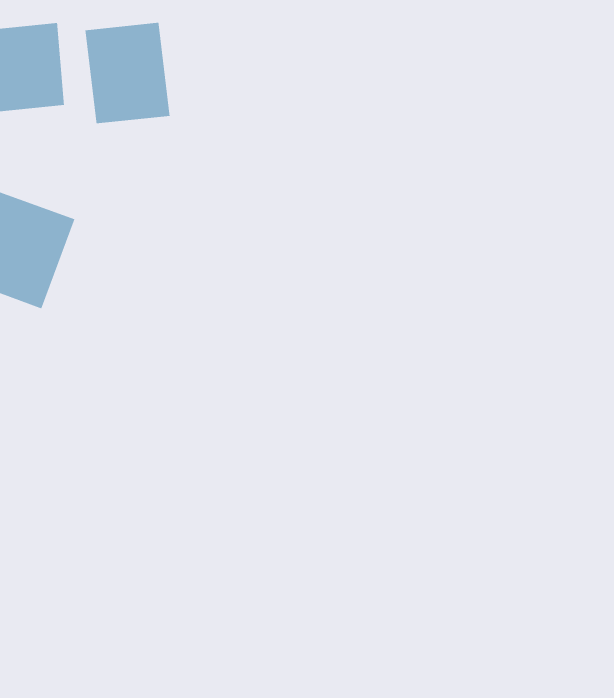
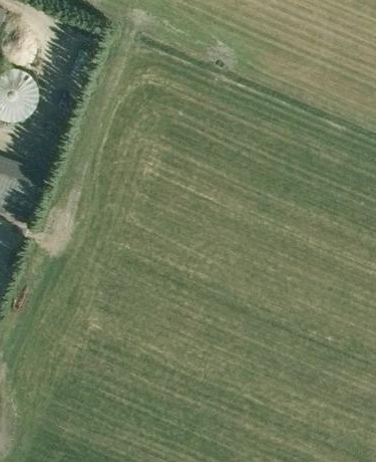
building: [85,22,170,124] -> none

